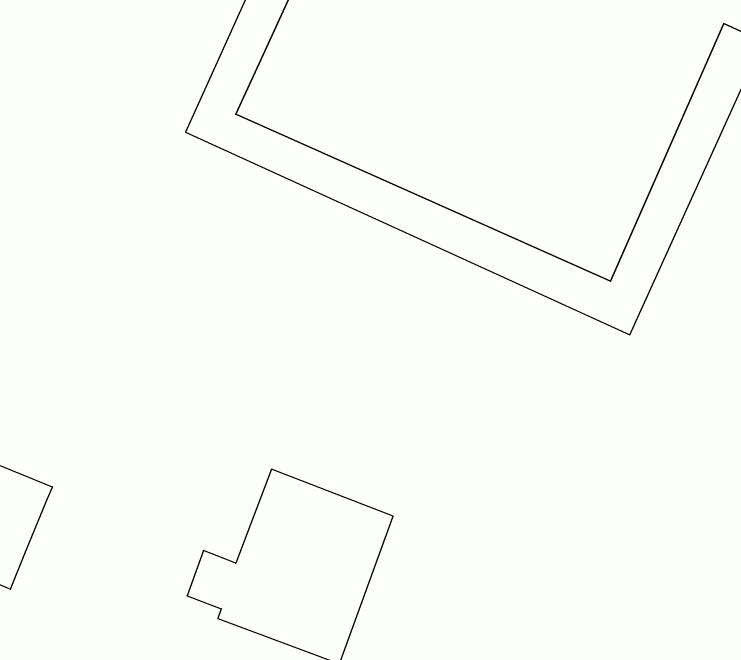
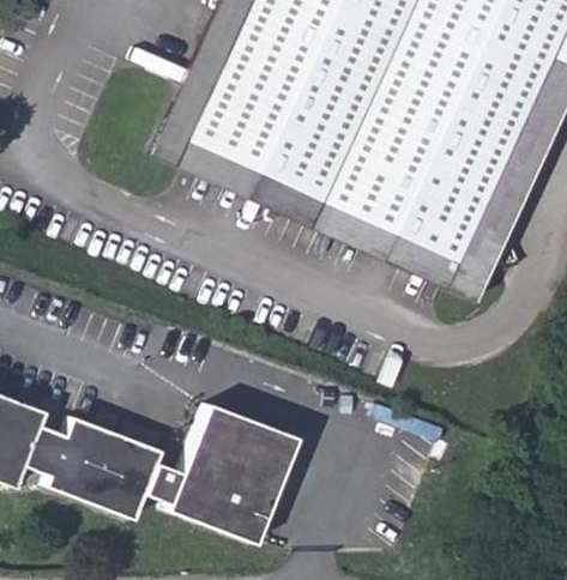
building: none -> [31,416,168,519]

